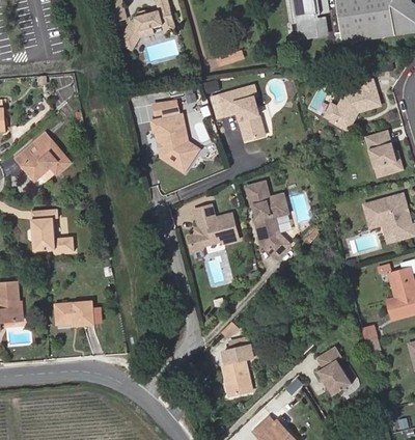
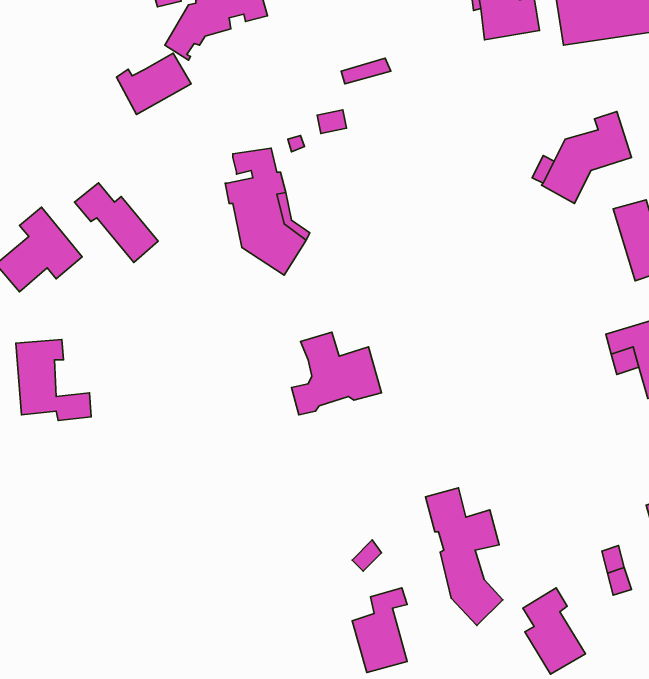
building: none -> [117,53,191,114]
building: [217,84,261,139] -> none
building: none -> [75,183,158,262]
building: [245,180,288,257] -> [426,488,503,626]
building: [55,302,91,325] -> none

